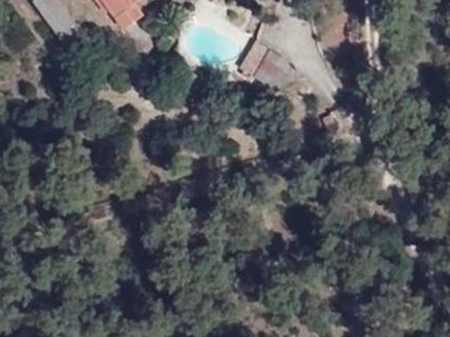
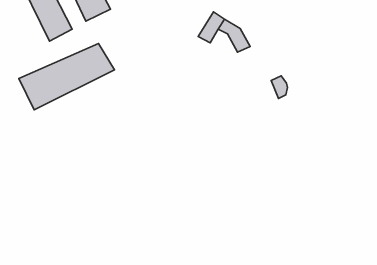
building: none -> [19,44,115,110]

